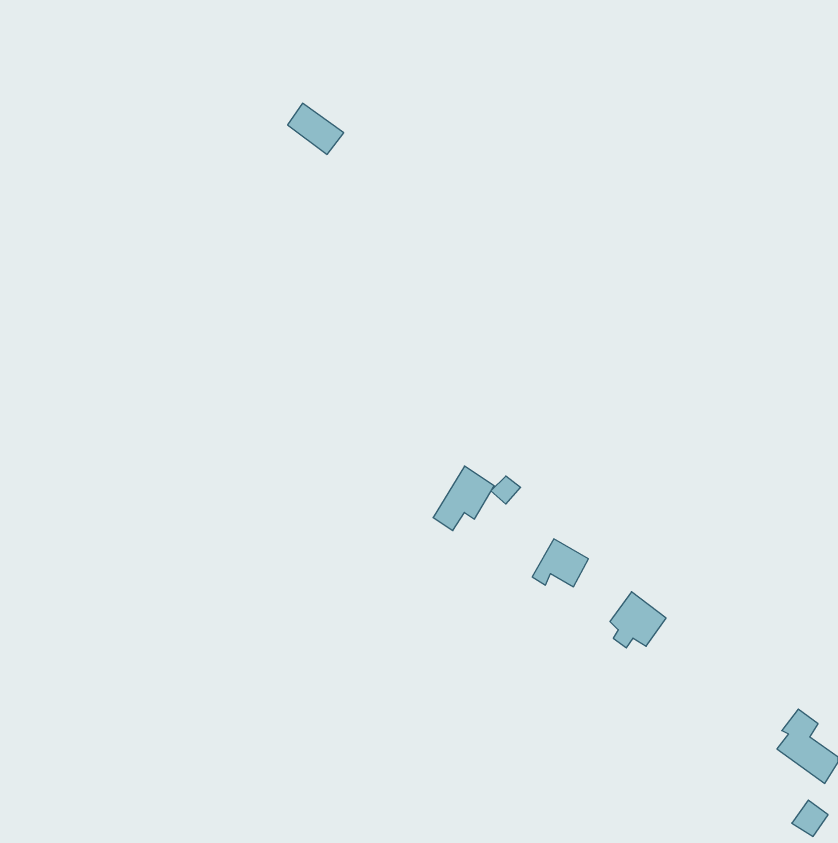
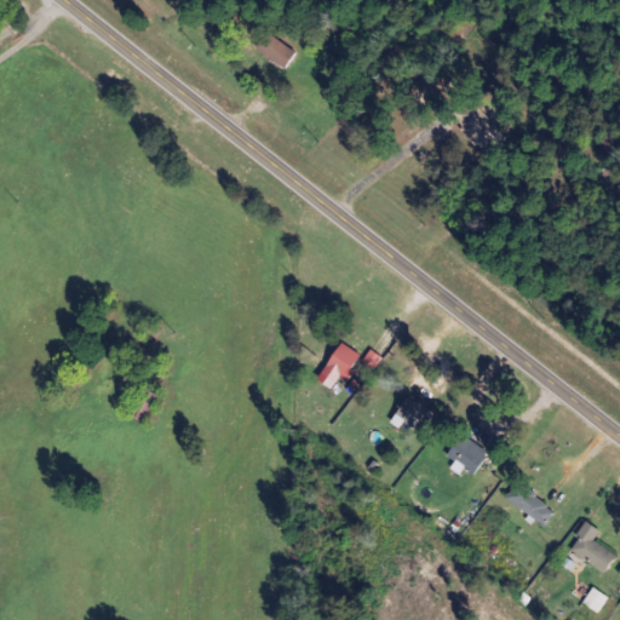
building: [288,103,344,154] -> [256,30,297,68]
building: none -> [504,482,555,527]

